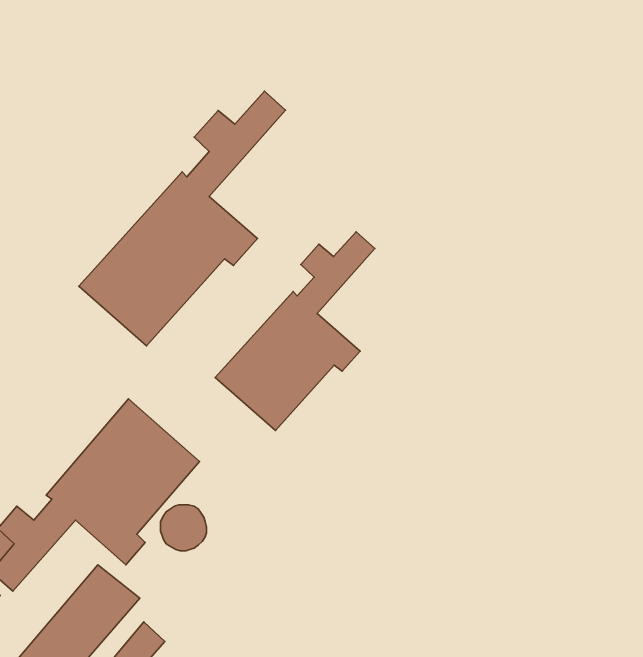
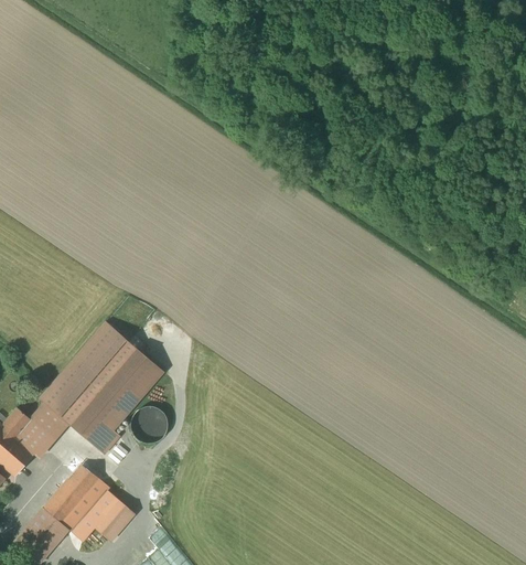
building: [79,91,286,346] -> none
building: [215,232,375,431] -> none

